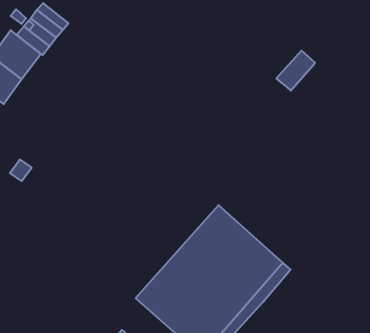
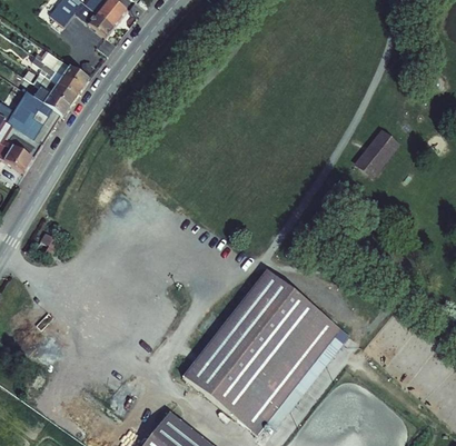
building: [276,51,315,91] -> [353,129,394,174]

